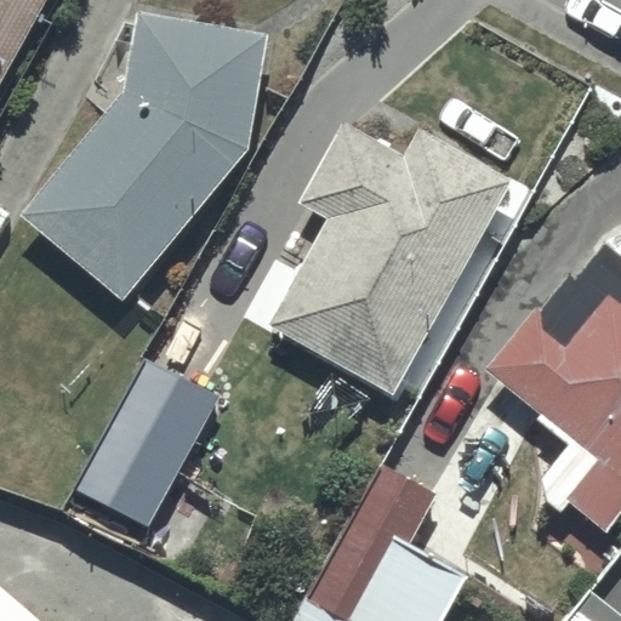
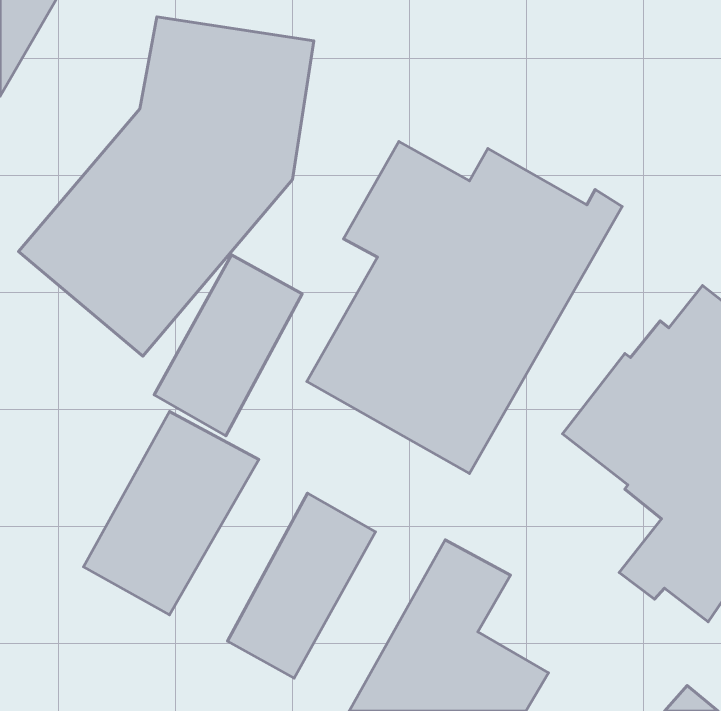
building: none -> [154,255,302,436]
building: none -> [227,493,375,678]

